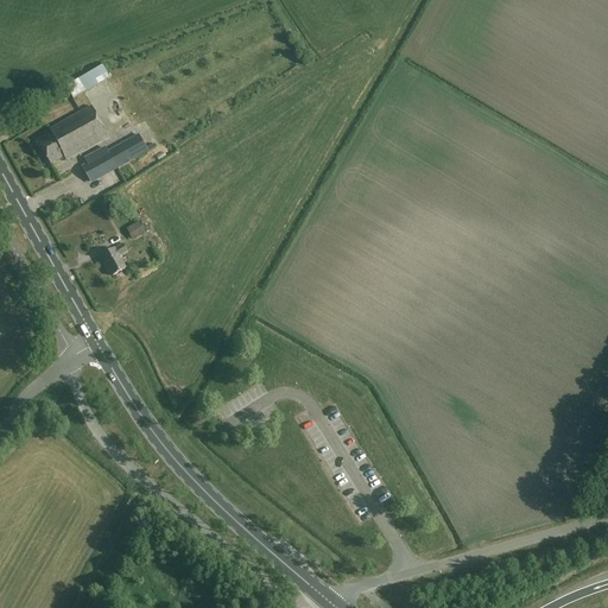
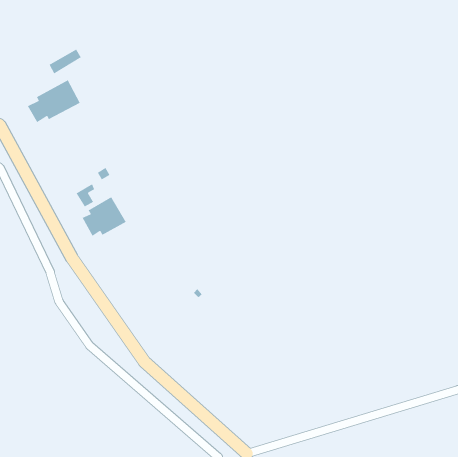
building: [81,133,147,179] -> none
building: none -> [82,196,127,237]

